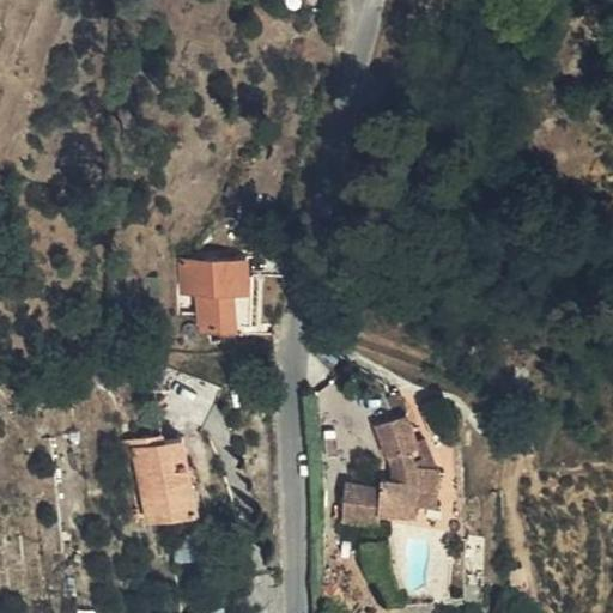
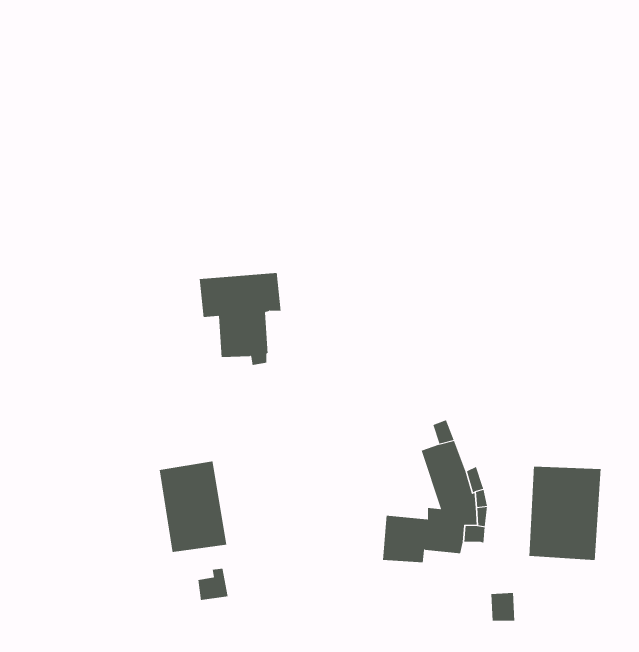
building: none -> [529,466,601,561]

